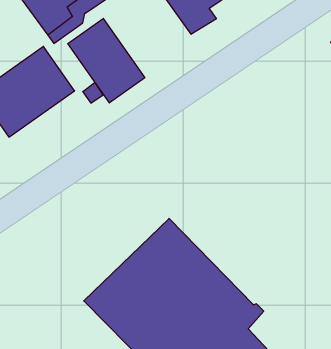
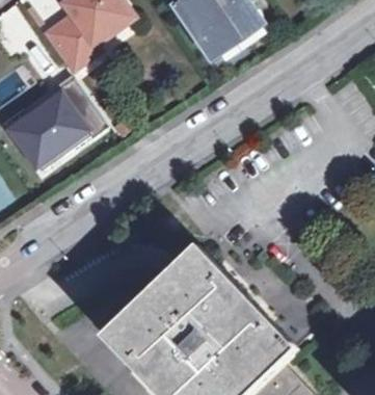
building: [68,18,145,103] -> none

